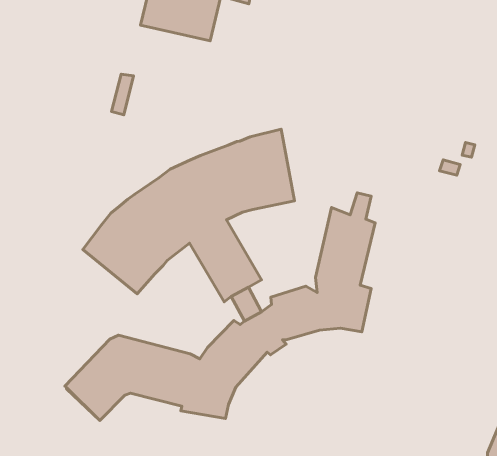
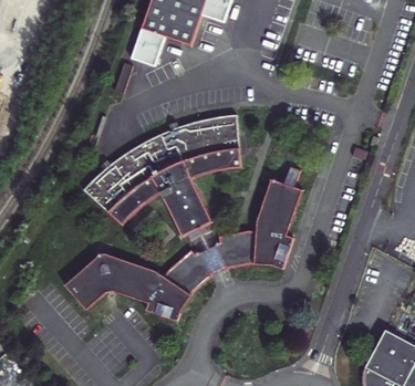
building: none -> [133,29,166,66]

